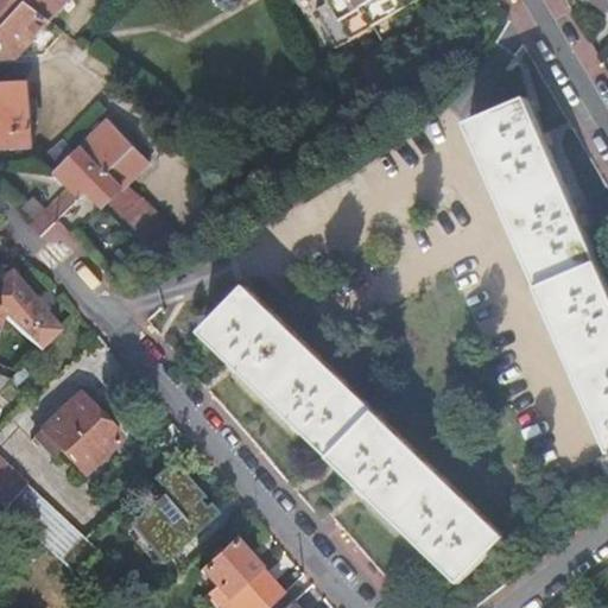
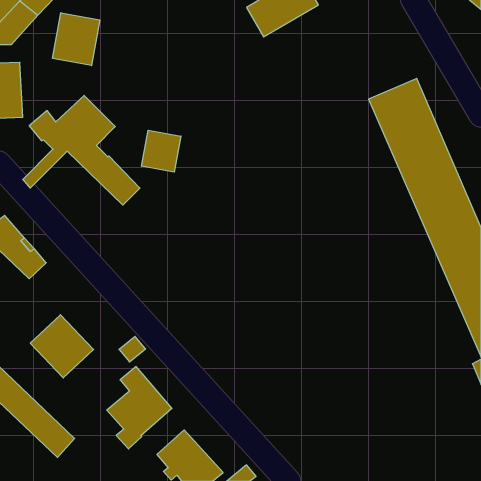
building: none -> [53,13,100,66]
building: none -> [142,130,181,172]
building: [200,286,501,582] -> none

